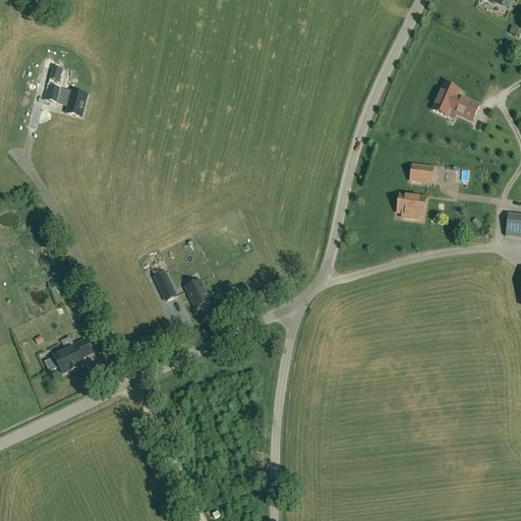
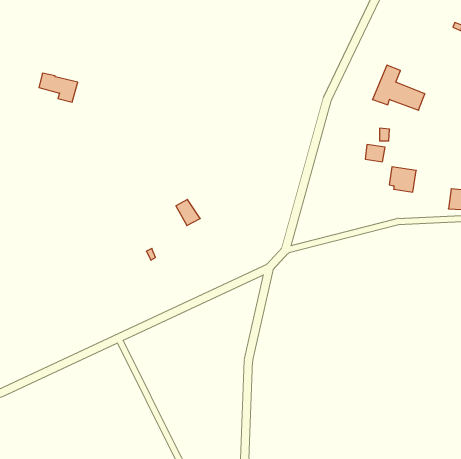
building: [397,191,427,220] -> [389,167,416,192]
building: [183,278,211,307] -> [176,199,200,226]
building: [47,339,93,371] -> none

